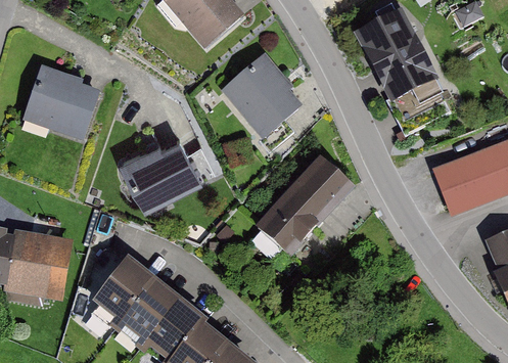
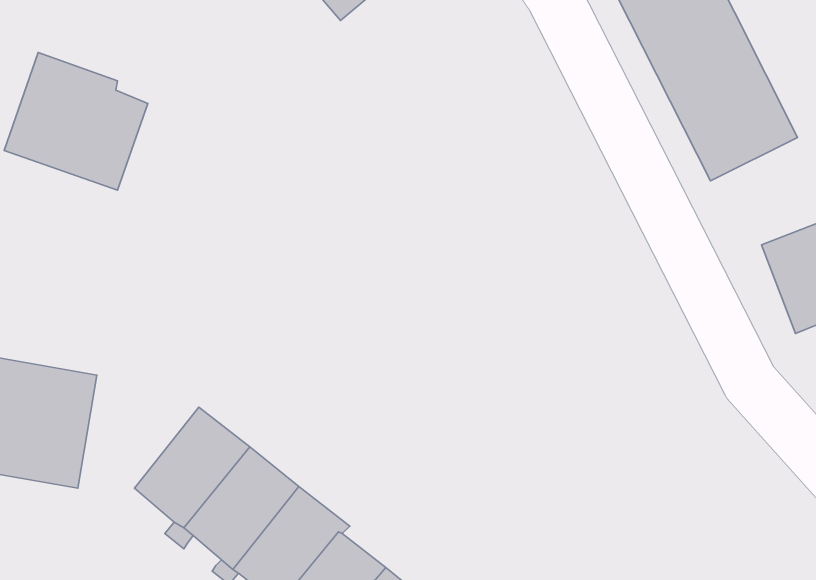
building: [223,53,304,139] -> none
building: [121,134,203,209] -> none
building: [257,155,356,259] -> none

